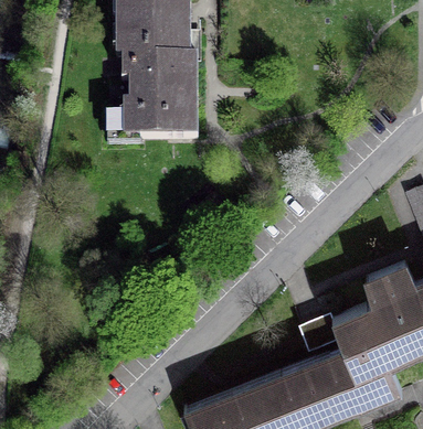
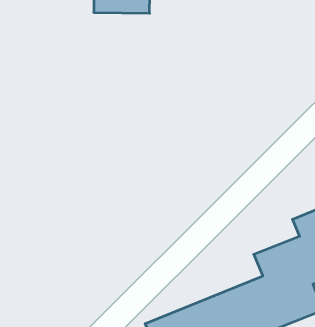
building: [120,29,198,143] -> none

